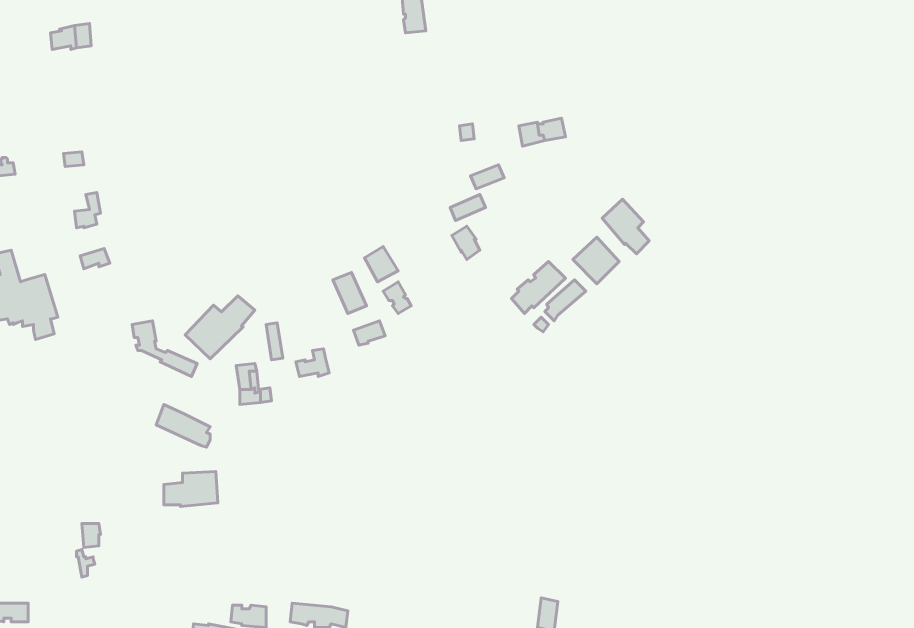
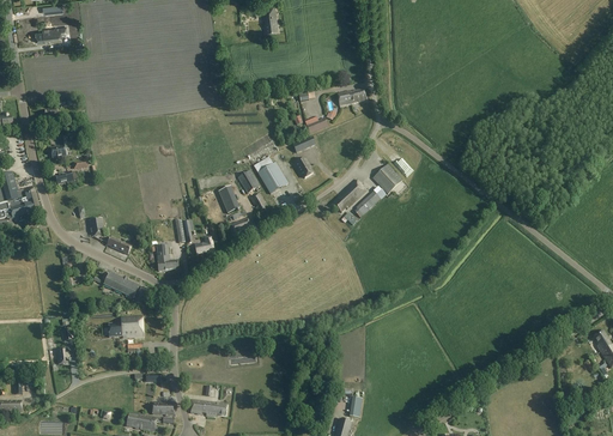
building: [602,199,649,254] -> none
building: none -> [257,161,289,193]
building: [185,296,255,359] -> none

